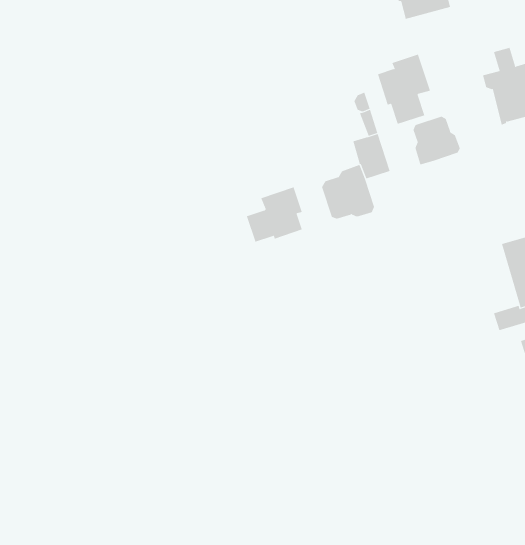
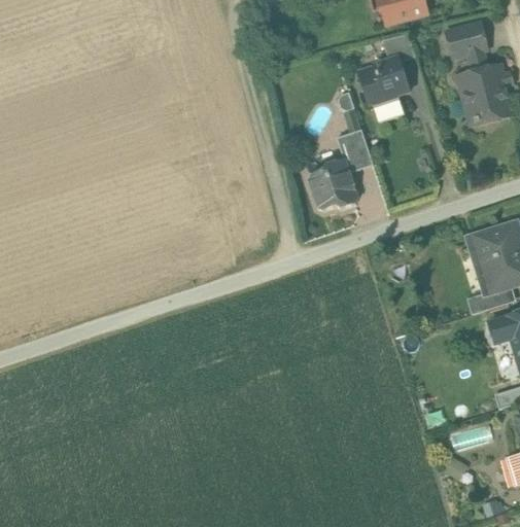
building: none -> [445,22,486,59]
building: [413,116,461,165] -> none
building: [246,187,303,242] -> none

